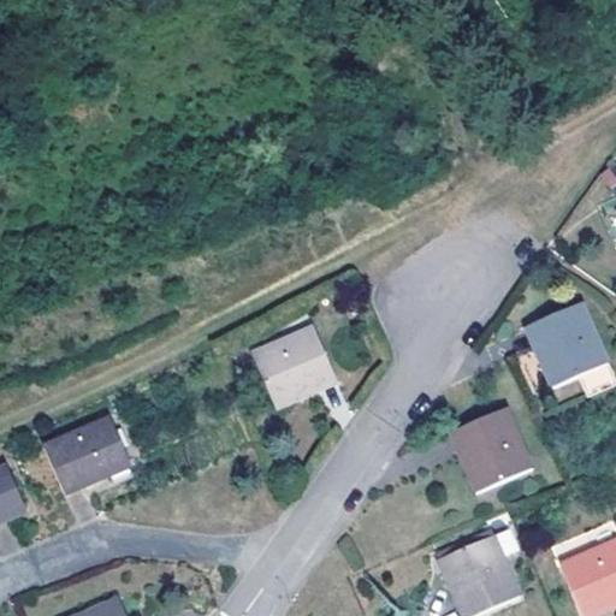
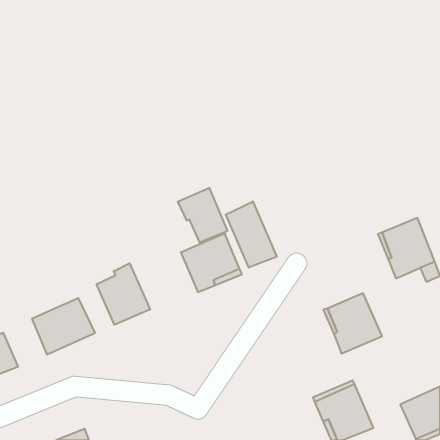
building: none -> [178,188,227,242]
building: none -> [226,201,277,268]
building: none -> [97,263,150,325]

